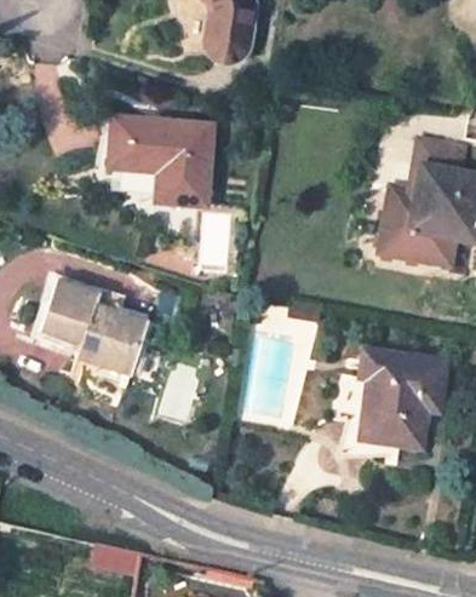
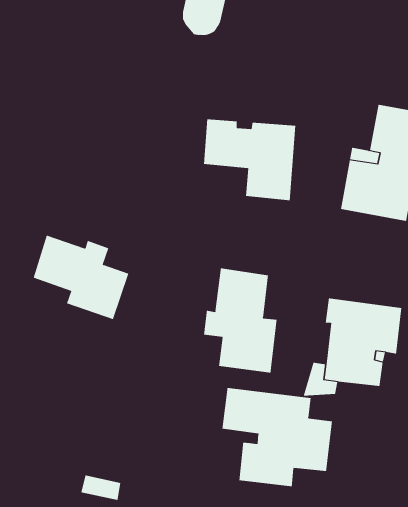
building: [109,119,211,208] -> [203,119,296,201]
building: none -> [203,267,277,373]
building: none -> [222,387,333,487]

